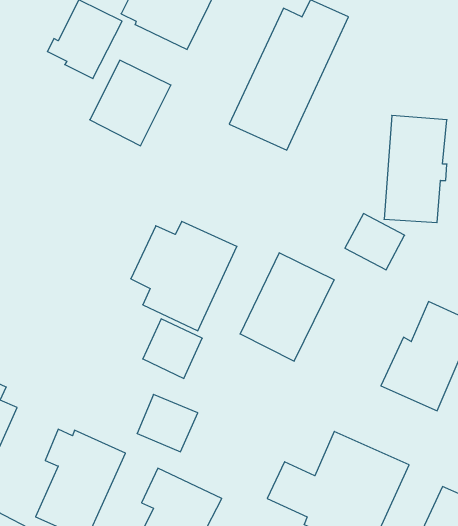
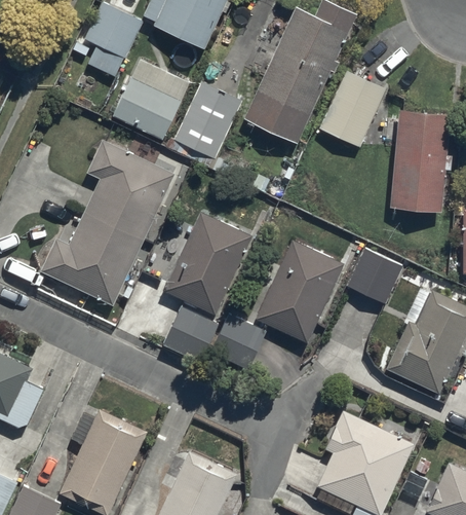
building: none -> [318,69,389,148]
building: none -> [176,82,242,157]
building: none -> [41,141,176,305]
building: [345,214,405,270] -> [347,250,403,303]
building: [137,394,198,452] -> [210,314,268,368]

